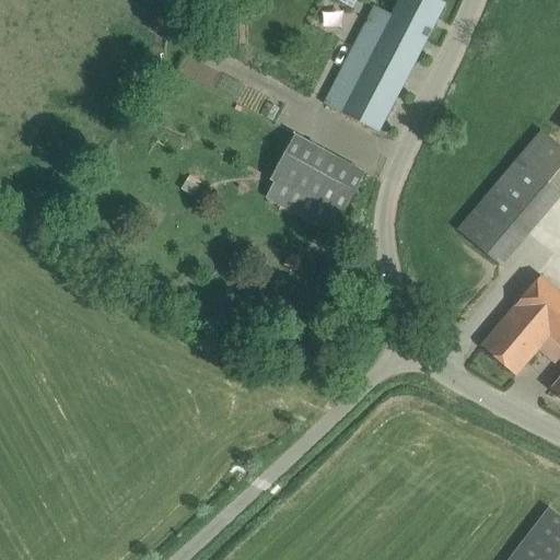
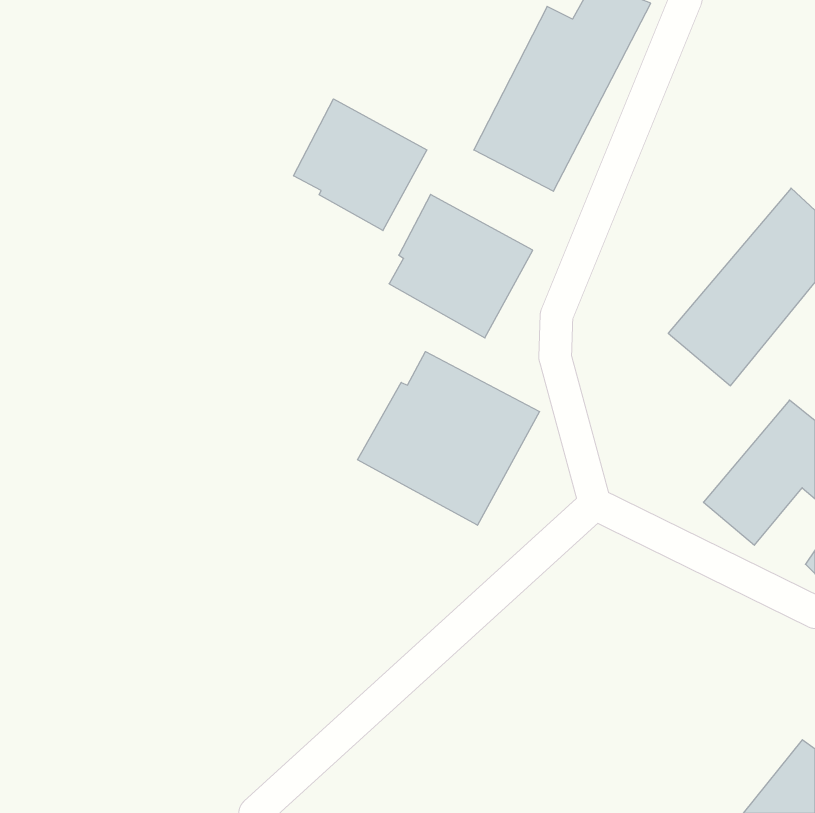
building: none -> [294,99,427,231]
building: none -> [358,352,540,525]

